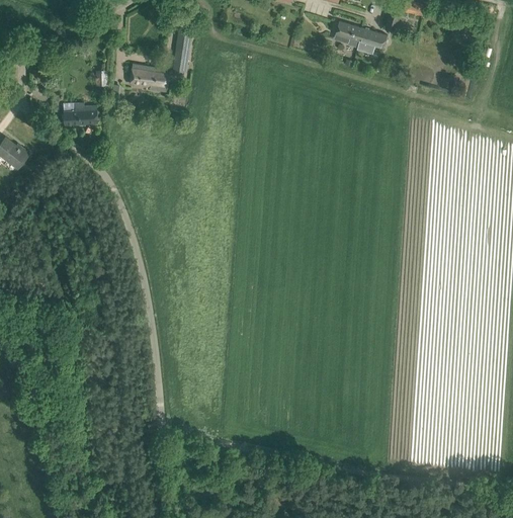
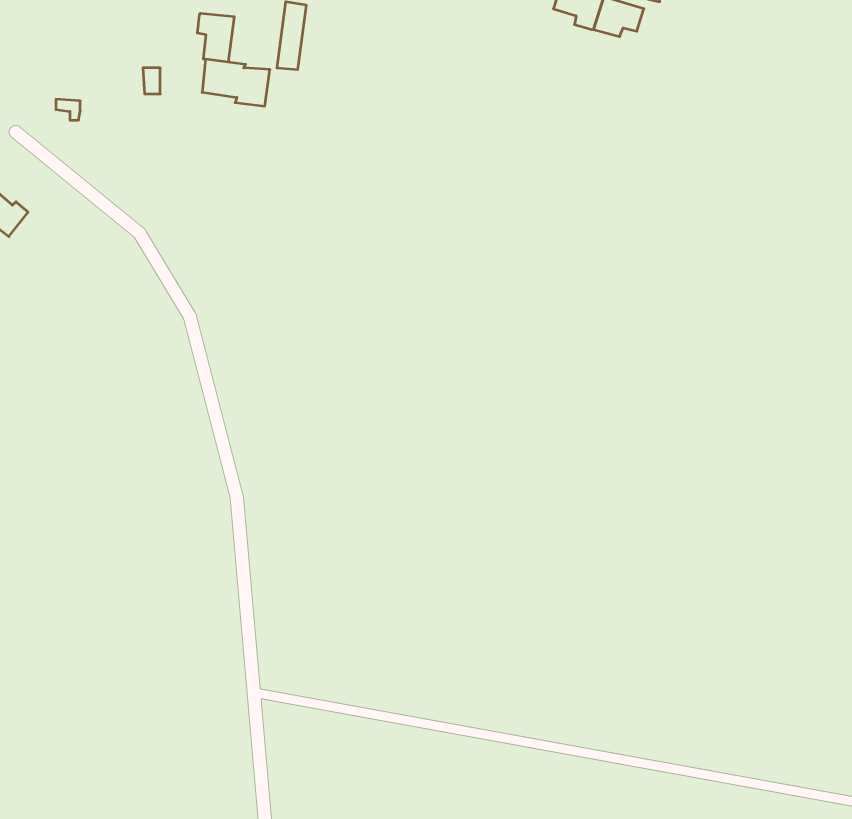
building: none -> [197,13,234,62]
building: [64,103,97,124] -> none

